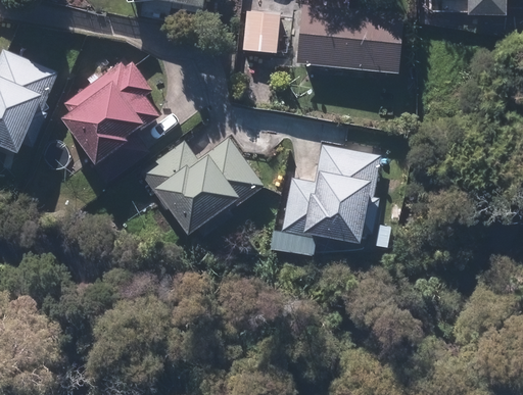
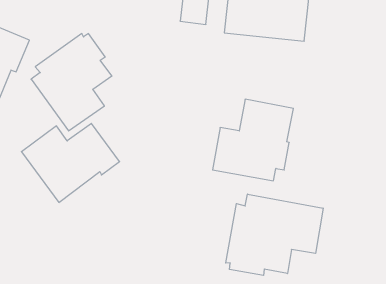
building: [142,138,263,235] -> [21,123,120,202]
building: none -> [226,194,323,275]

